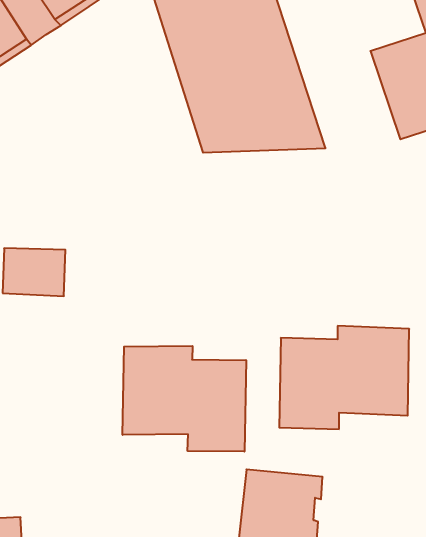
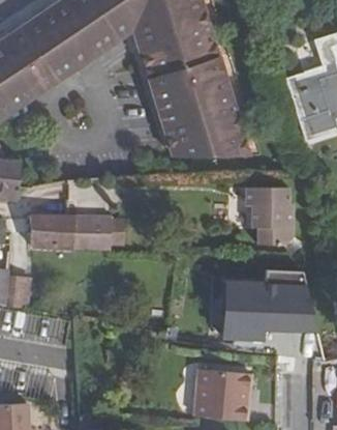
building: none -> [244,185,294,245]
building: none -> [72,217,112,251]
building: [123,346,246,452] -> none

